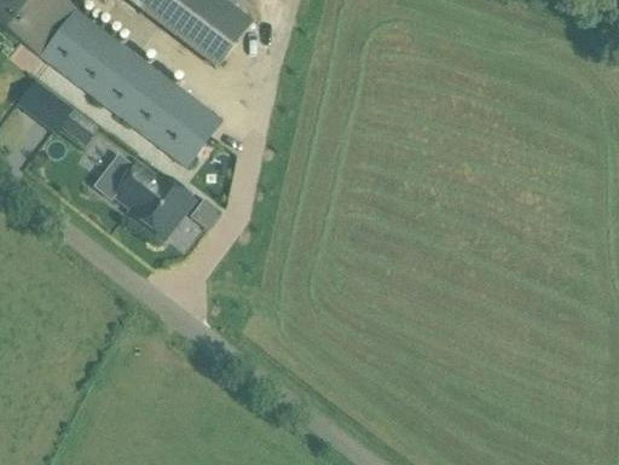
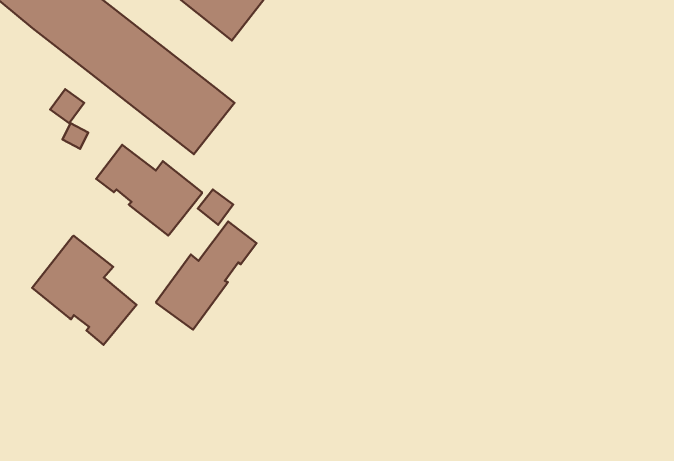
building: none -> [156,221,256,330]
building: none -> [32,236,136,345]

